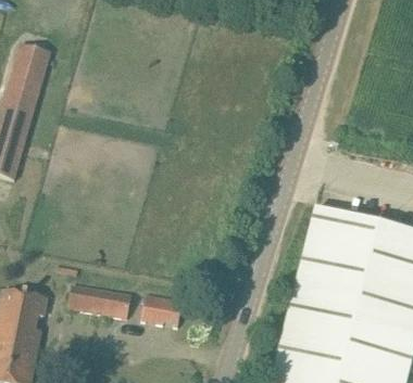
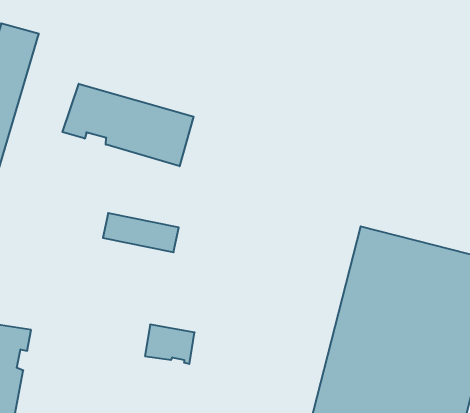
building: none -> [62,84,194,166]
building: [67,284,130,317] -> [103,213,179,252]

